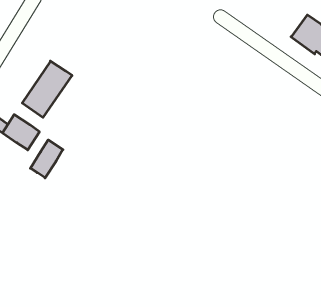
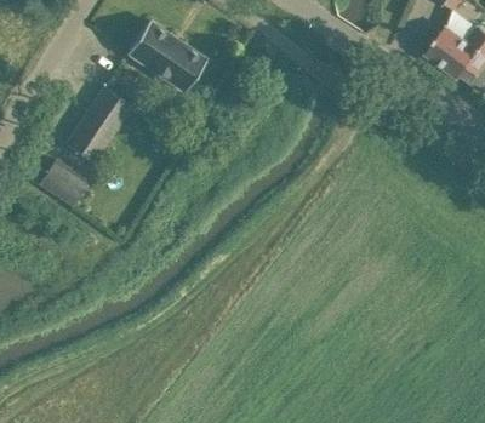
building: none -> [130,23,206,91]
building: [30,140,63,178] -> none

